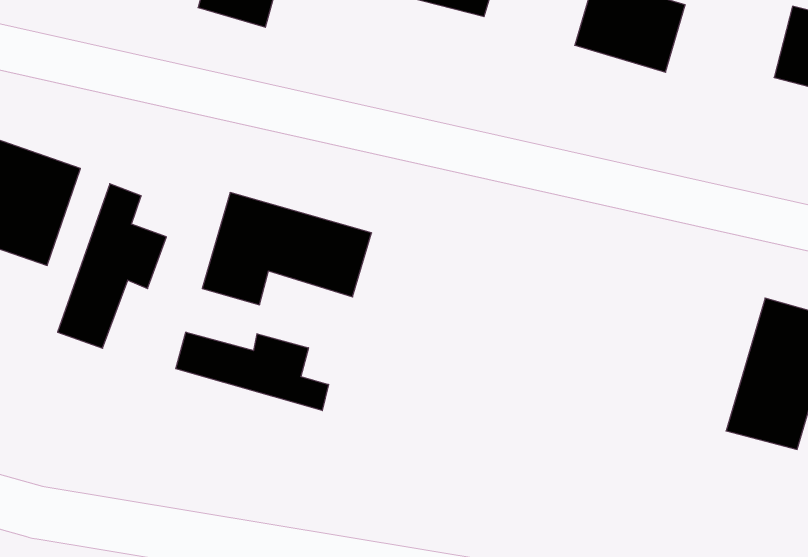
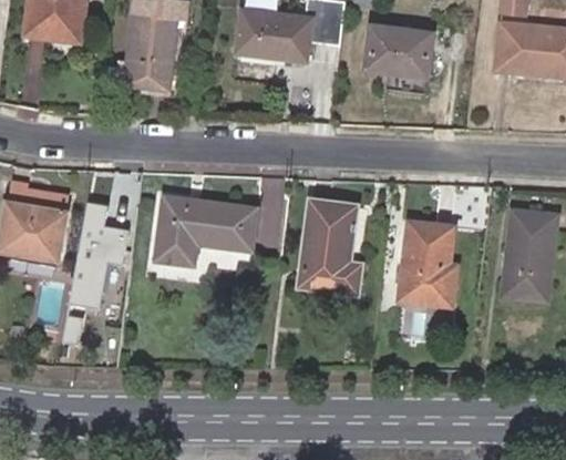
building: none -> [300,202,360,294]
building: none -> [400,223,456,306]
building: [176,332,329,411] -> none

